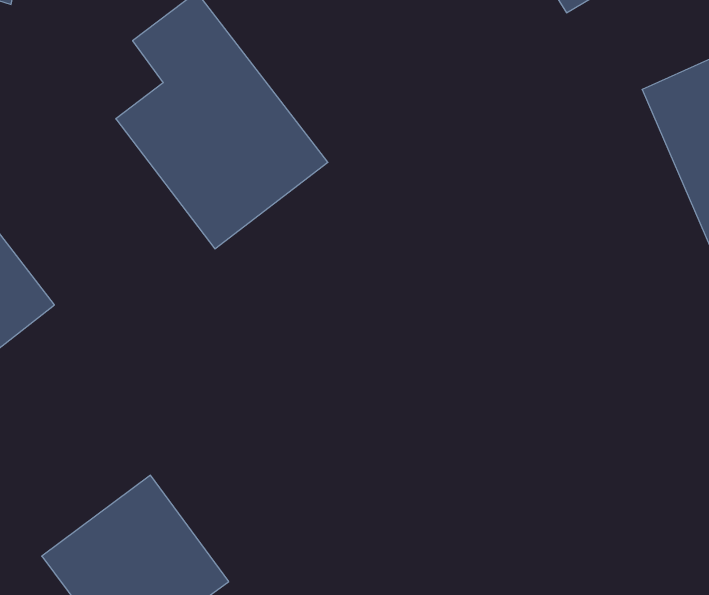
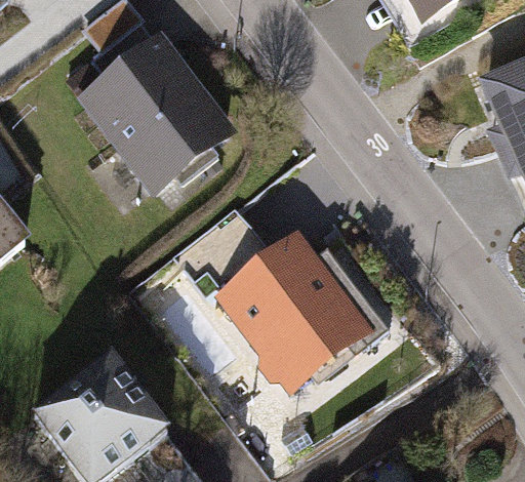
building: none -> [196,236,372,406]

